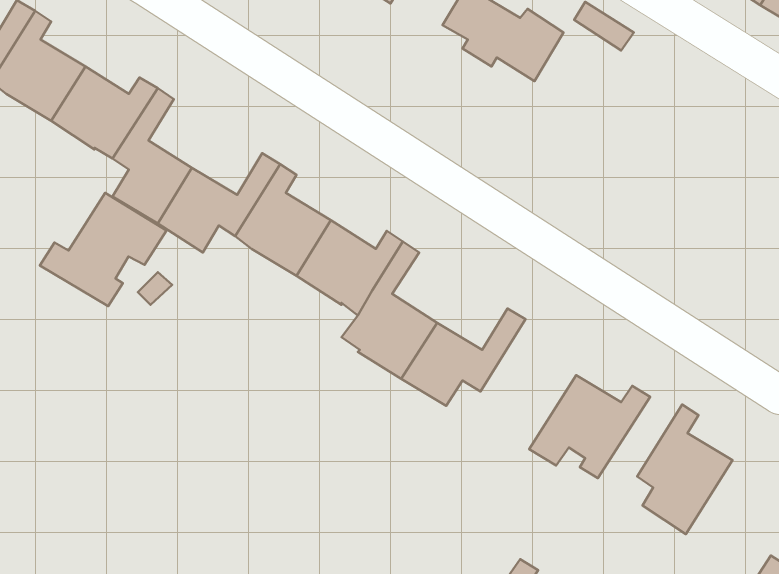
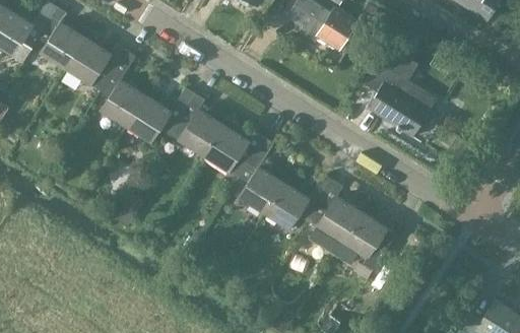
building: none -> [364,61,429,136]
building: [40,193,166,306] -> none
building: [637,404,733,534] -> [308,181,362,254]

